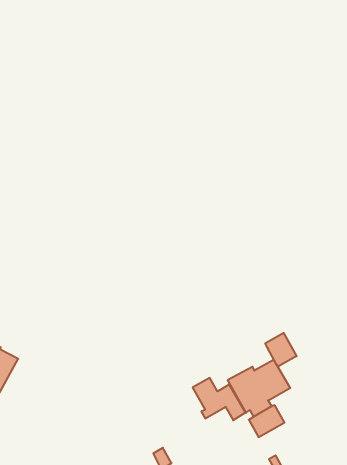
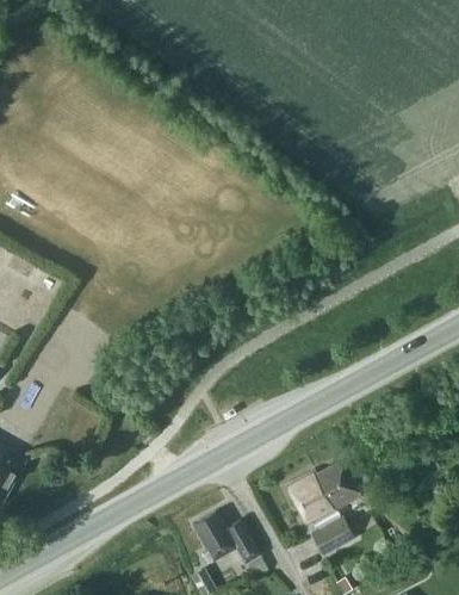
building: [265,333,297,367] -> none
building: [193,378,246,420] -> [194,513,260,565]

